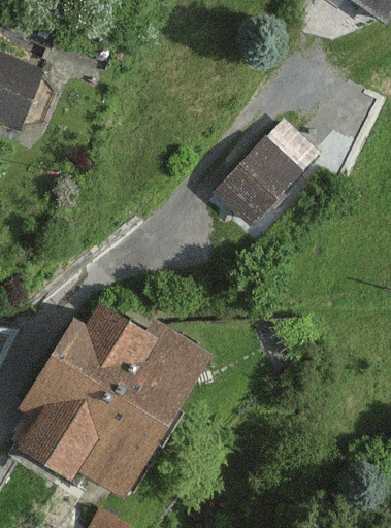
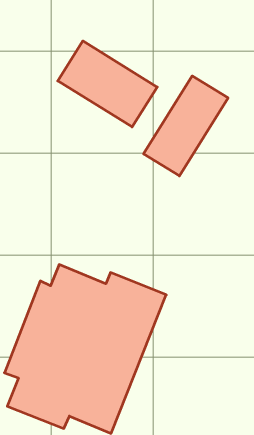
building: none -> [58,41,157,127]

